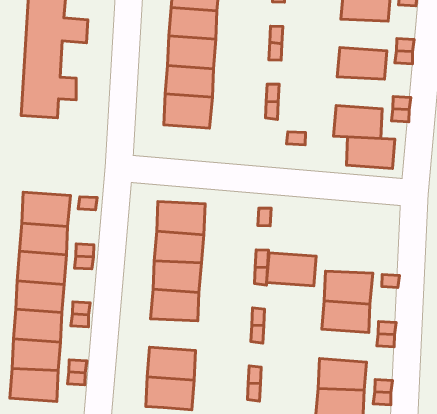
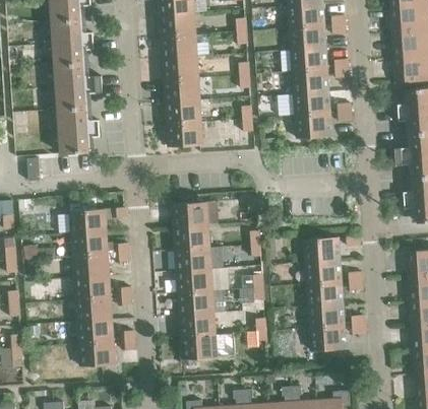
building: none -> [291,47,328,71]
building: [347,137,395,169] -> [294,90,330,115]
building: [267,253,316,286] -> [307,281,344,305]
building: none -> [178,289,215,314]

